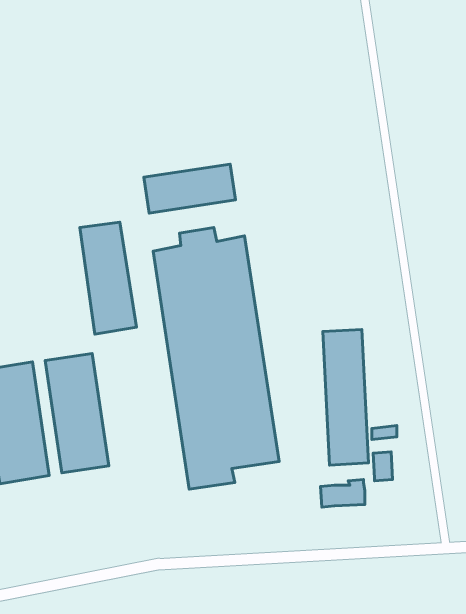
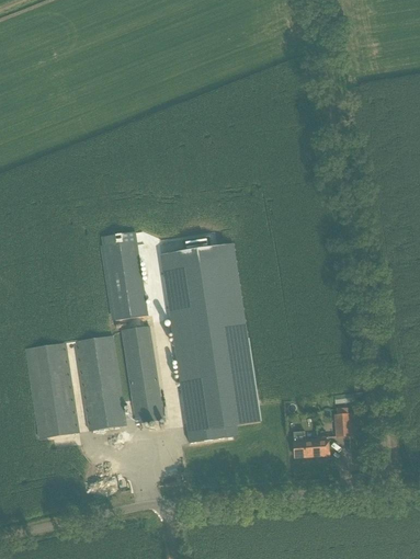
building: [144,164,236,213] -> none
building: [323,329,369,465] -> none
building: none -> [121,326,162,425]

